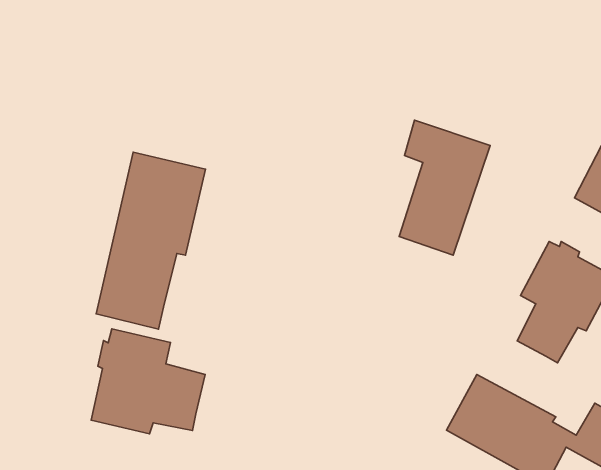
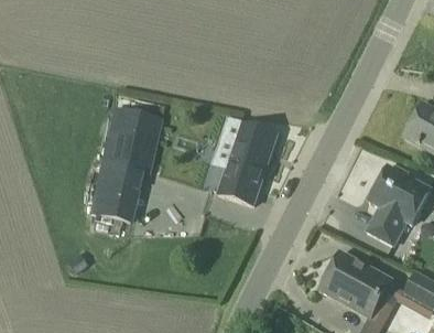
building: [399,120,490,255] -> [217,117,276,205]
building: [91,329,205,434] -> none

